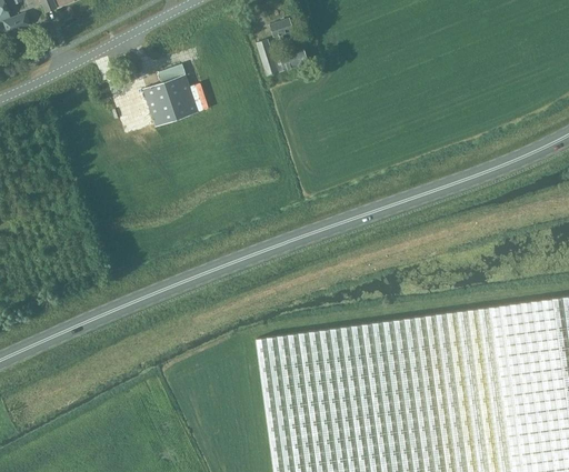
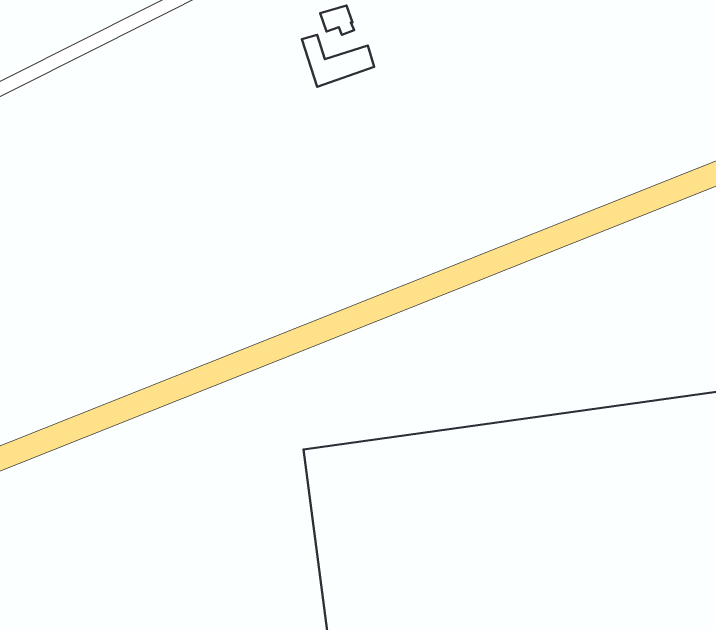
building: [143,62,202,122] -> none

